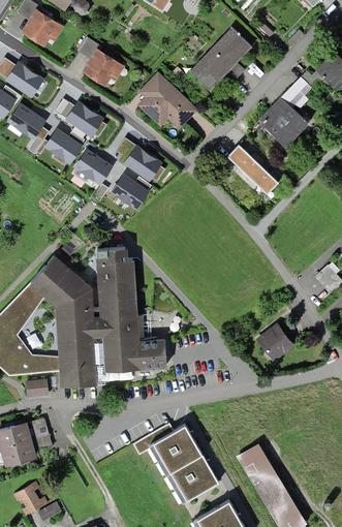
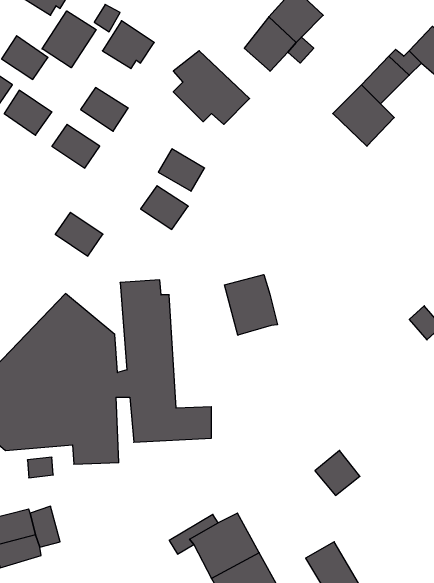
building: none -> [42,11,96,68]
building: [227,146,277,194] -> none
building: [75,150,112,183] -> [55,212,103,256]
building: none -> [224,275,277,335]
building: [257,326,291,360] -> [315,450,360,495]

